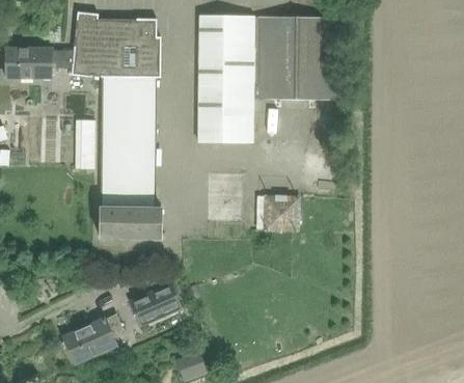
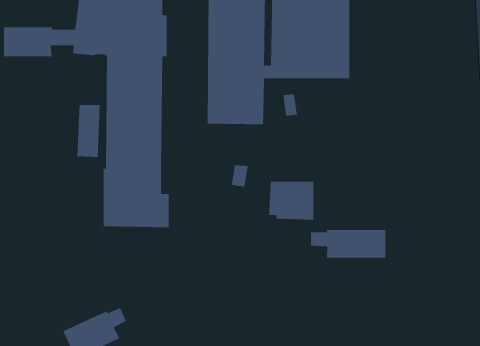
building: none -> [310,229,386,259]
building: [128,283,180,326] -> none

